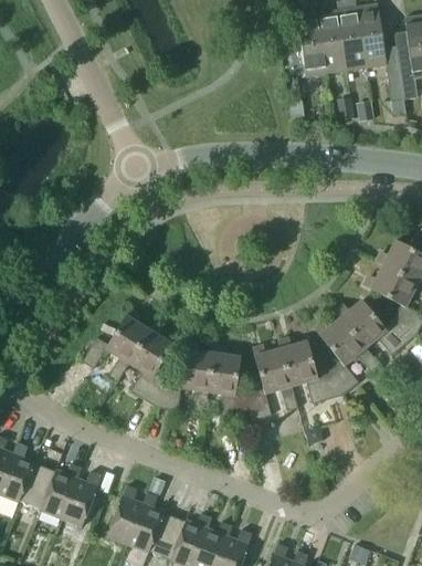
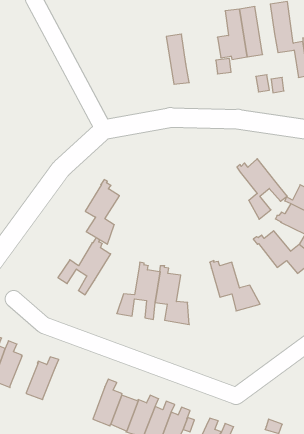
building: [336,6,366,71] -> [166,34,189,84]
building: [314,316,379,395] -> [237,159,287,219]
building: [128,323,172,407] -> [85,180,119,244]
building: [249,346,297,421] -> none
building: [19,462,55,510] -> none
building: [61,471,101,527] -> none
building: [106,484,141,544] -> none

